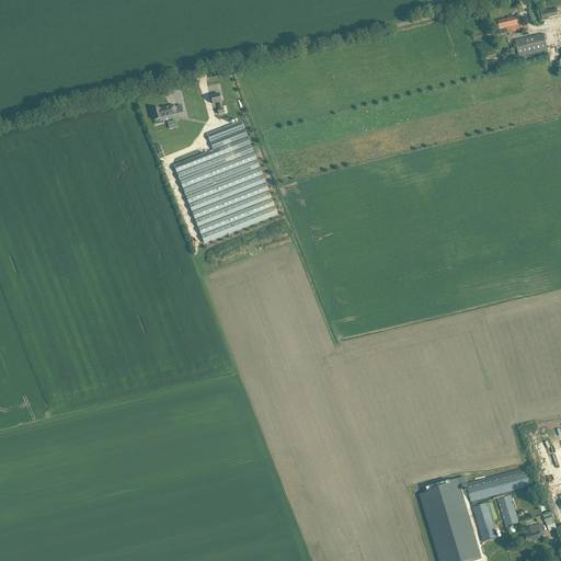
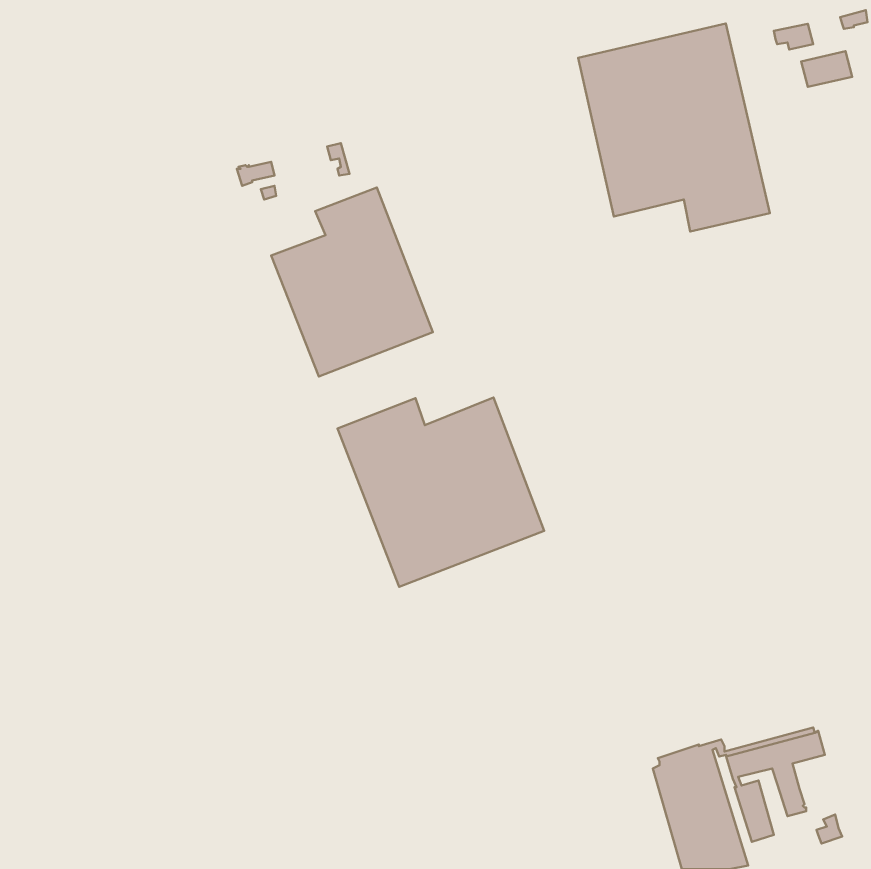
building: none -> [578,24,770,231]
building: none -> [338,398,544,587]

